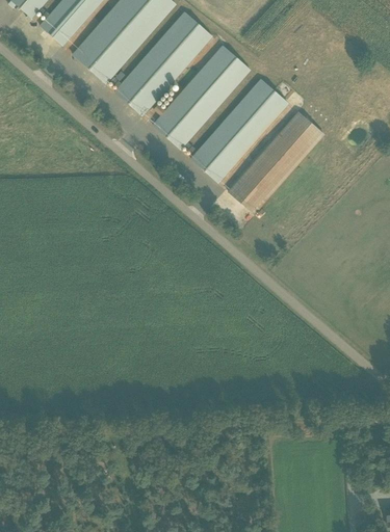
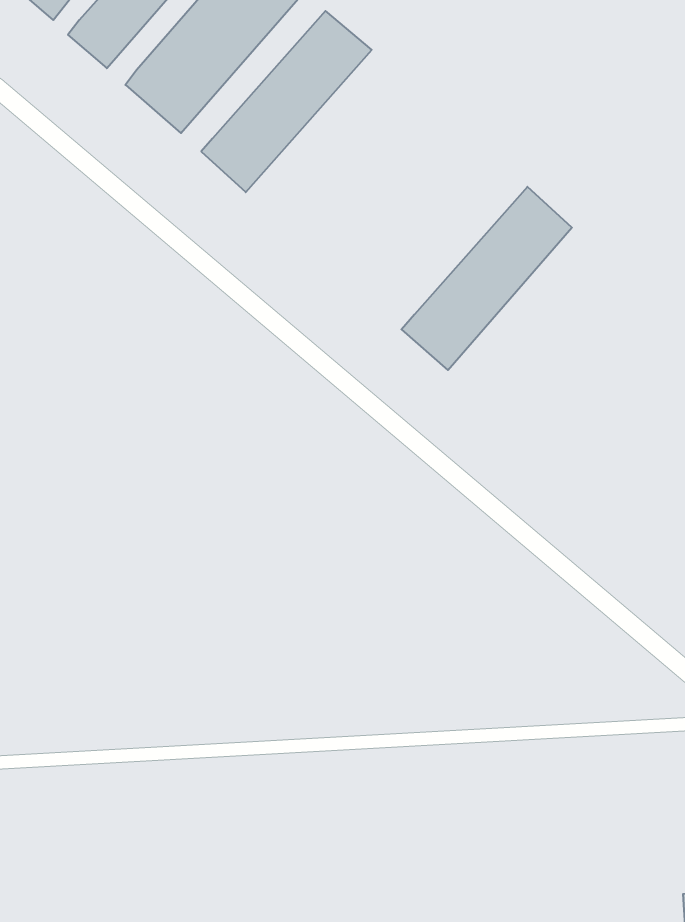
building: [153,45,250,147] -> none
building: [191,78,287,181] -> none

